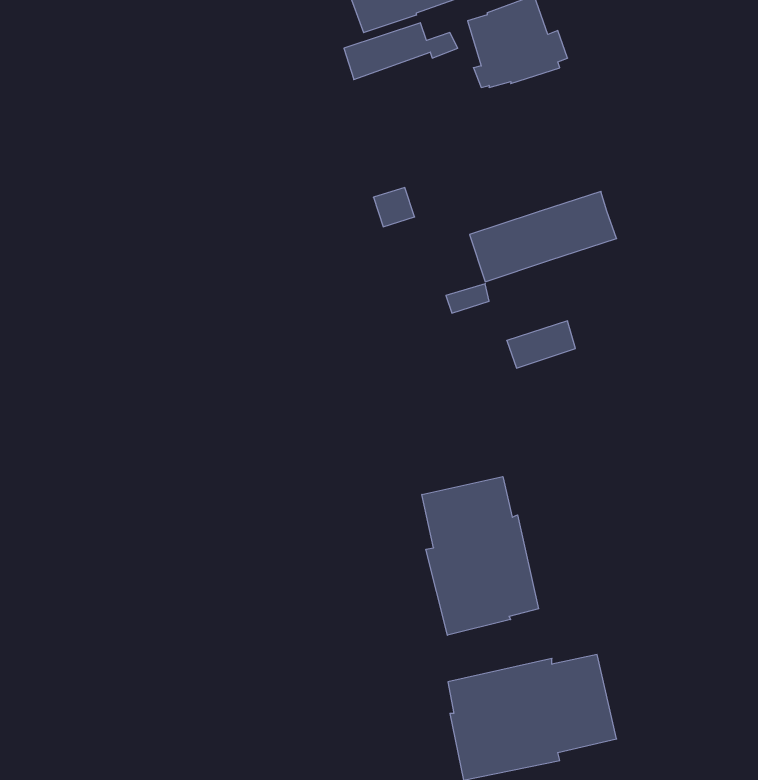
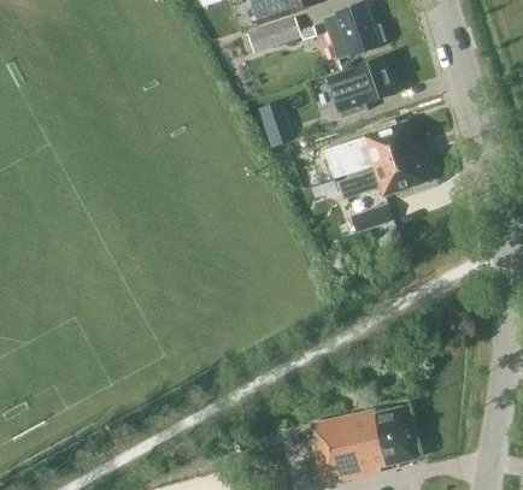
building: none -> [328,57,396,118]
building: none -> [339,150,425,197]
building: [422,477,539,635] -> none

